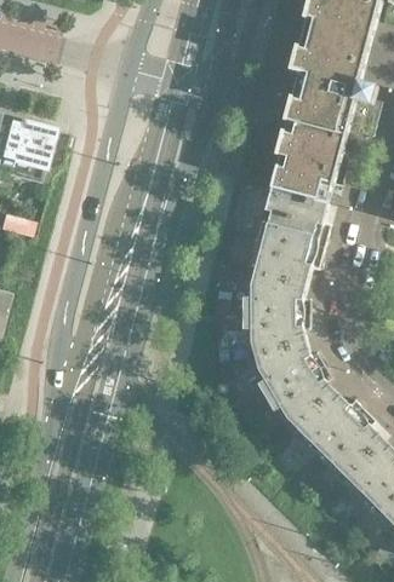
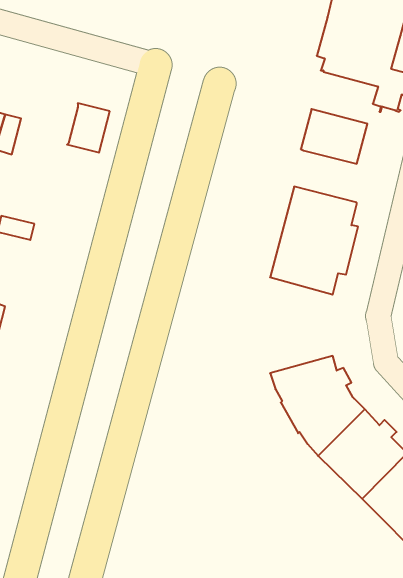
building: [289,81,349,129] -> none
building: [15,121,53,166] -> [67,103,110,153]
building: [273,154,330,201] -> none
building: [245,269,312,356] -> none

